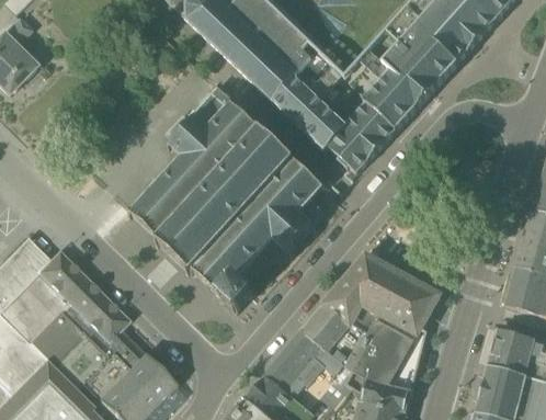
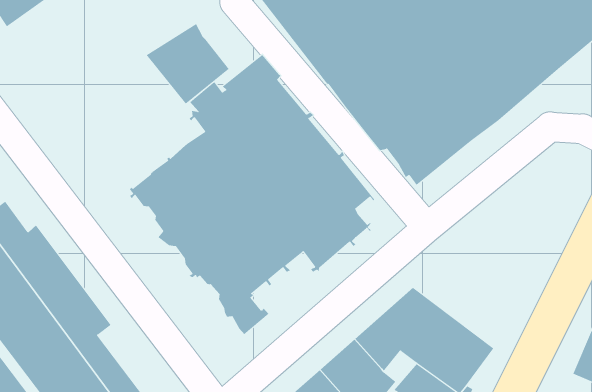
building: none -> [146,23,229,105]

